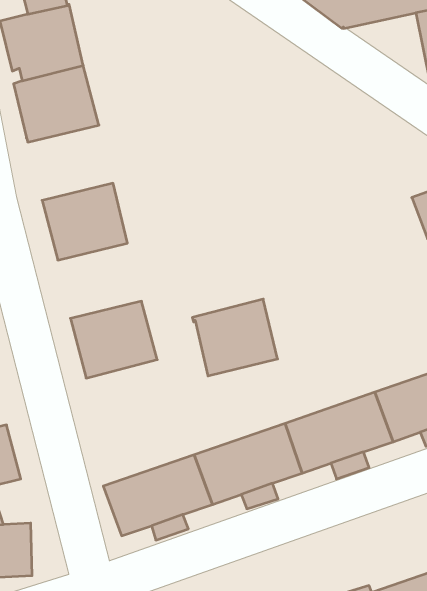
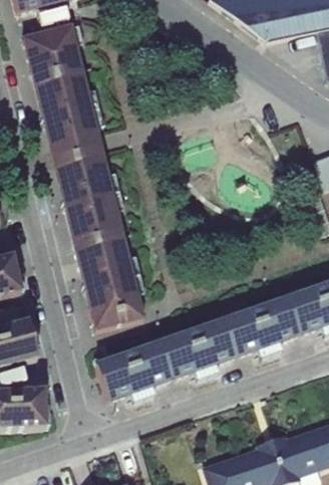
building: none -> [43,107,103,161]
building: none -> [64,191,123,244]
building: [192,299,278,376] -> [84,273,144,327]

